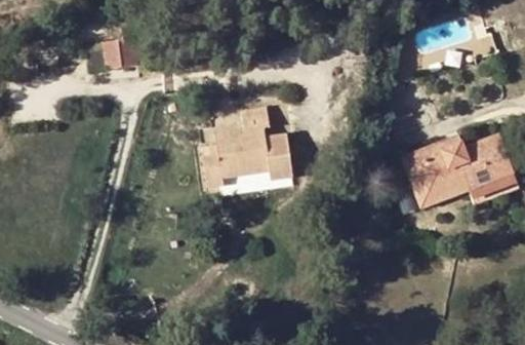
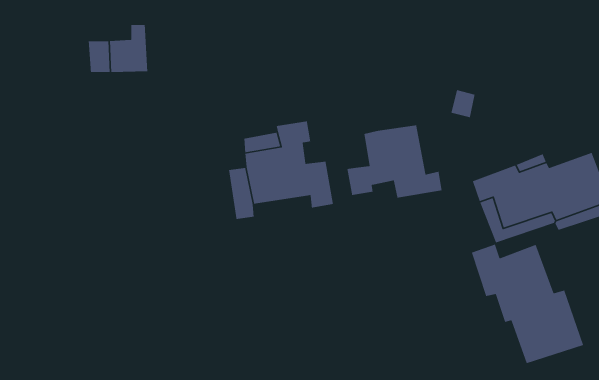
building: none -> [346,124,443,199]
building: none -> [471,244,584,364]

